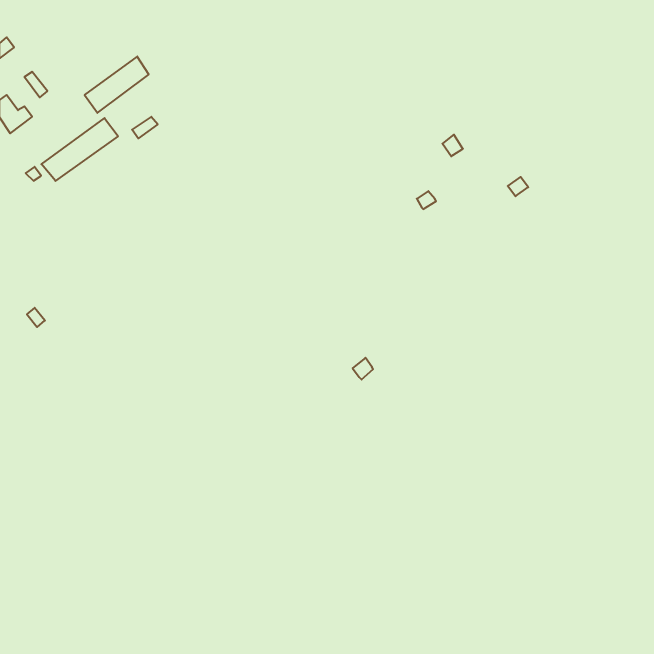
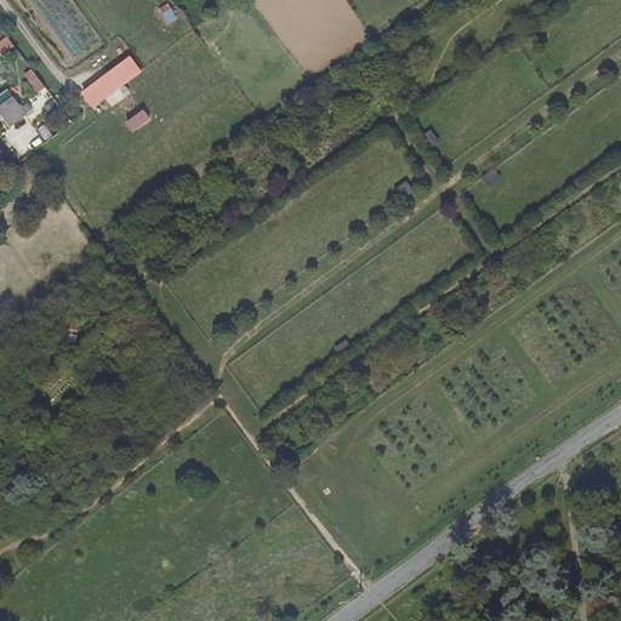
building: [41,118,118,181] -> none

